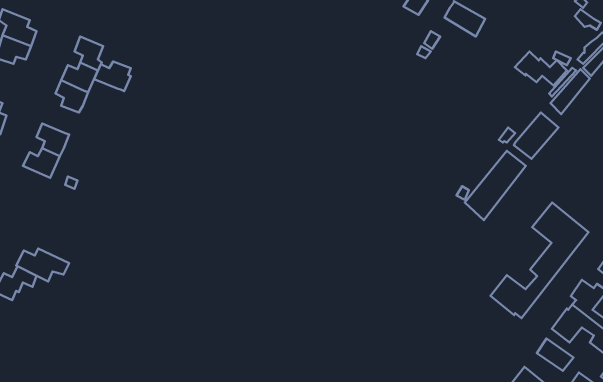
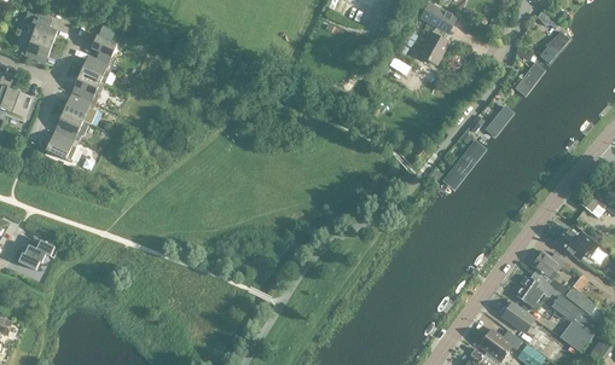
building: none -> [417,30,448,64]
building: [515,52,567,86] -> none
building: [94,61,131,91] -> [62,95,94,122]
building: [491,202,589,318] -> none
building: [16,248,69,282] -> none

